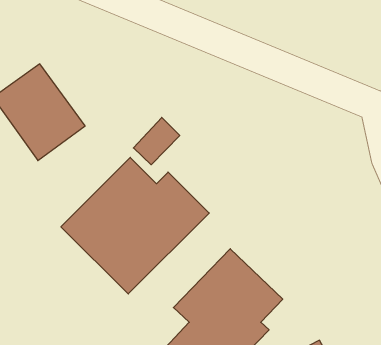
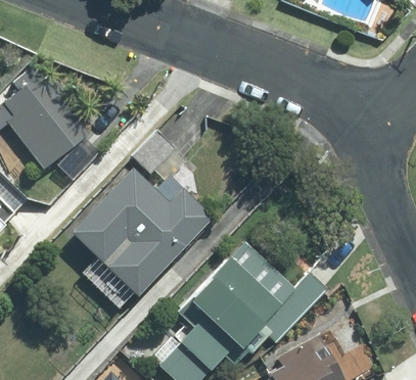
building: none -> [261,272,331,345]

